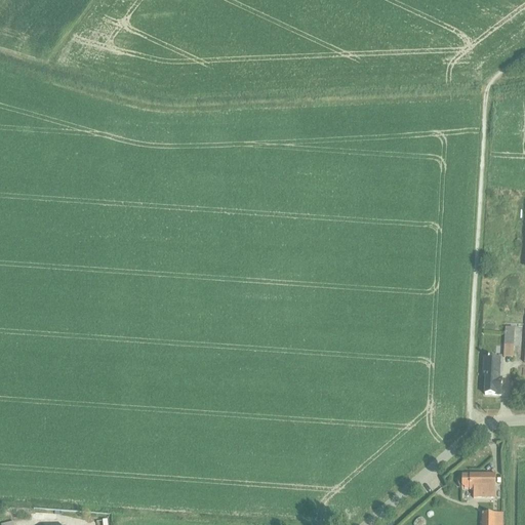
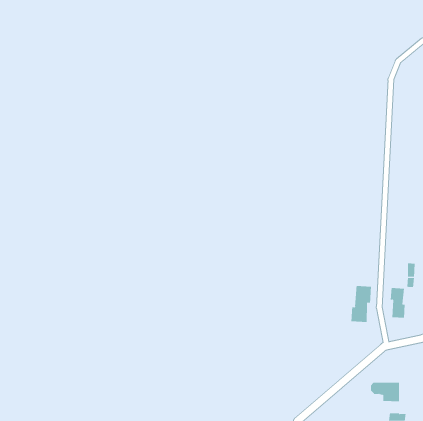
building: none -> [351,285,371,323]

